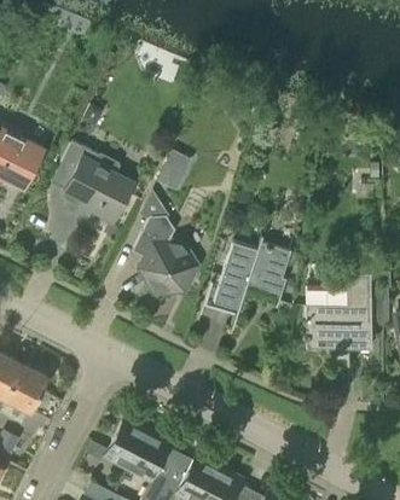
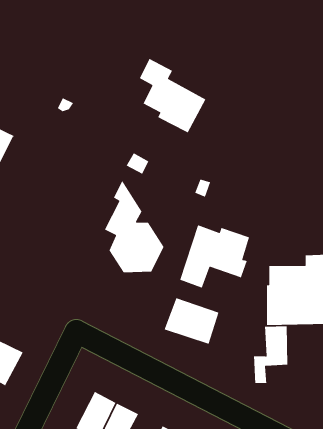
building: [62,143,133,222] -> [139,58,206,133]
building: none -> [164,297,220,345]
building: none -> [253,325,288,384]

